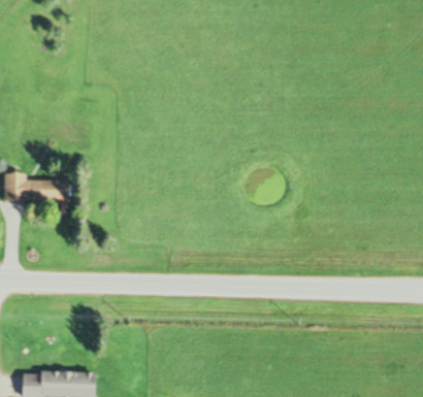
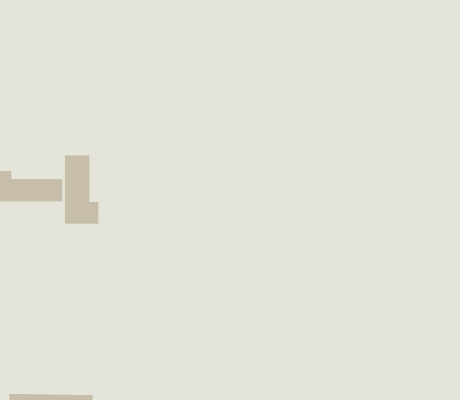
building: none -> [64,154,99,225]

